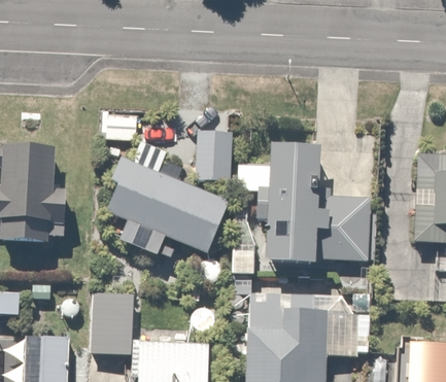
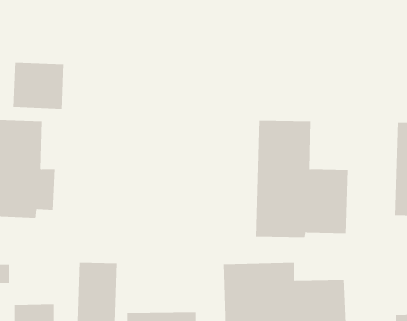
building: none -> [13,62,64,110]
building: [193,127,234,190] -> none
building: [102,157,231,255] -> none

